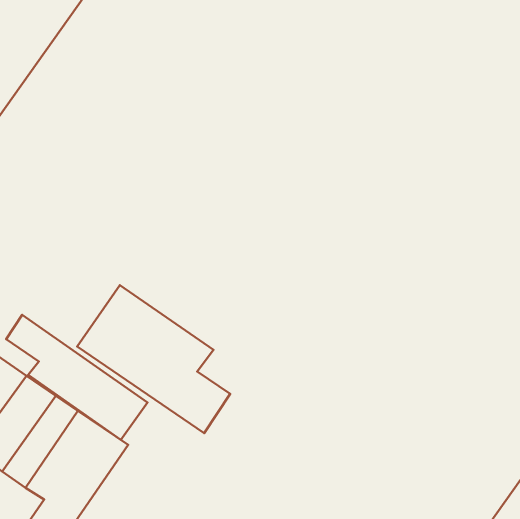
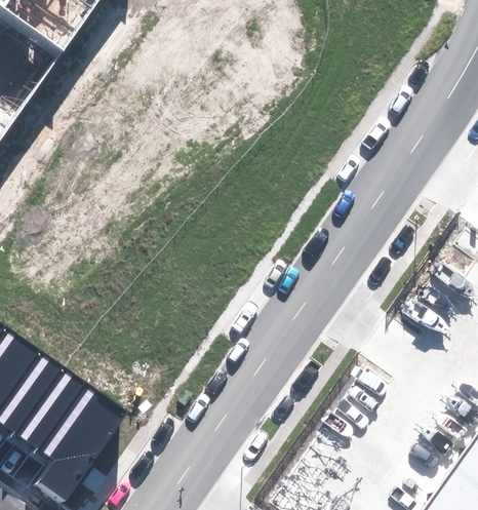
building: [77,285,230,433] -> none
building: [6,315,148,440] -> none

